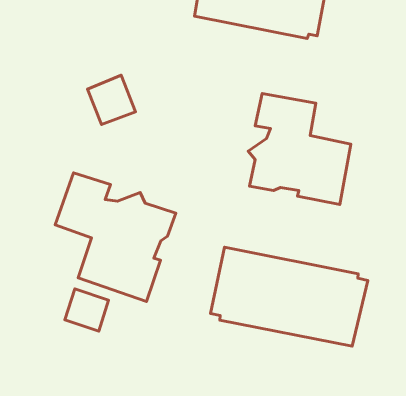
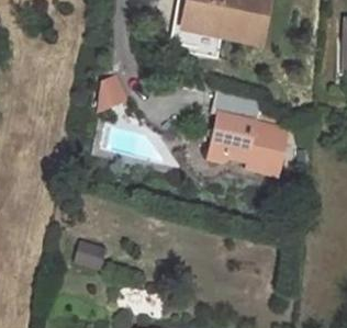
building: [55,173,176,302] -> none
building: [210,247,368,346] -> none

